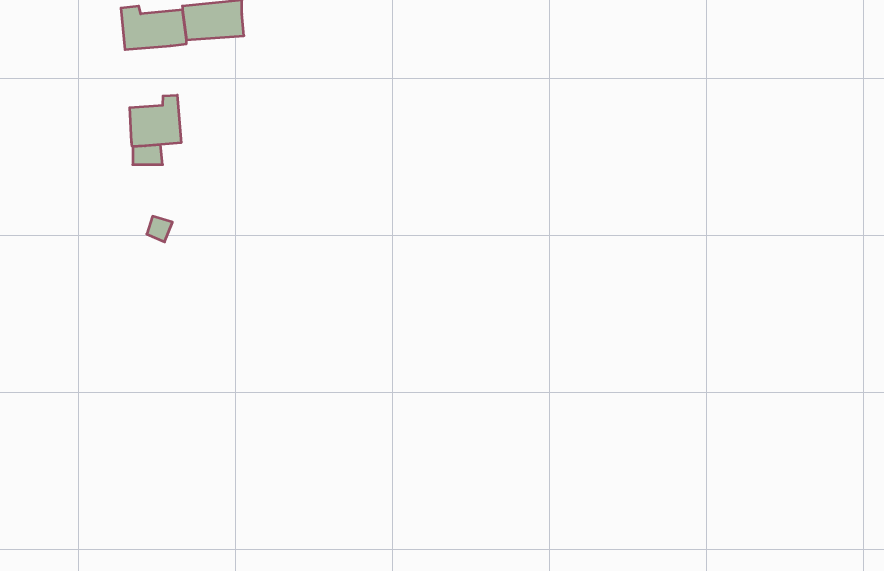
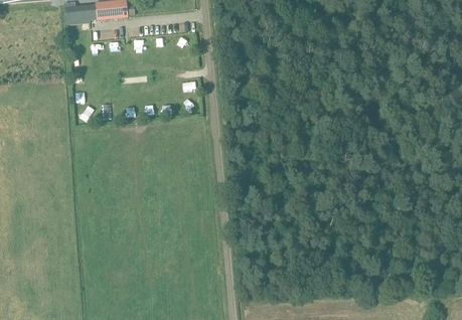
building: [130,95,181,146] -> none

